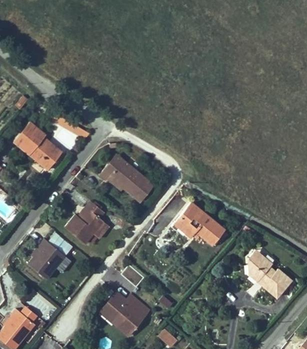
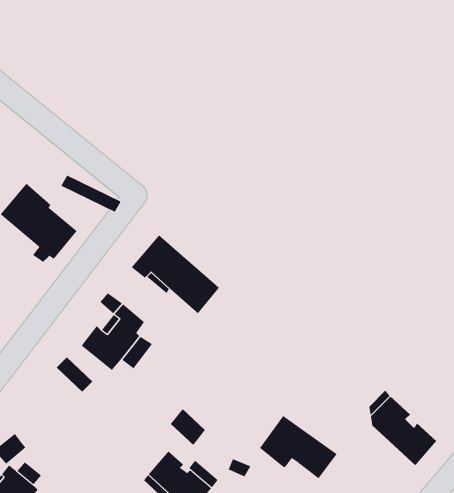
building: [178,205,228,246] -> [259,415,337,479]
building: [22,238,61,280] -> none

